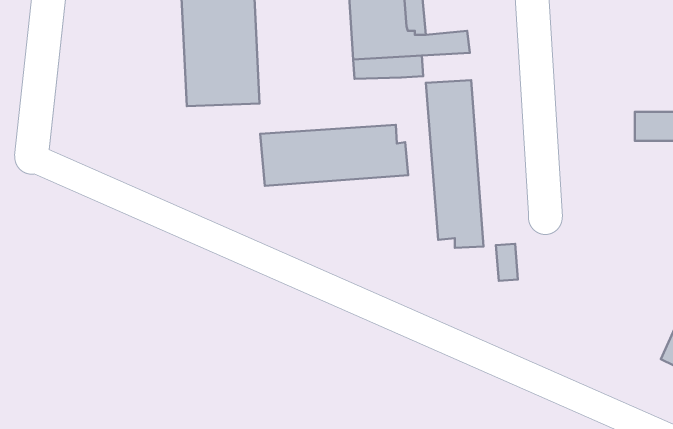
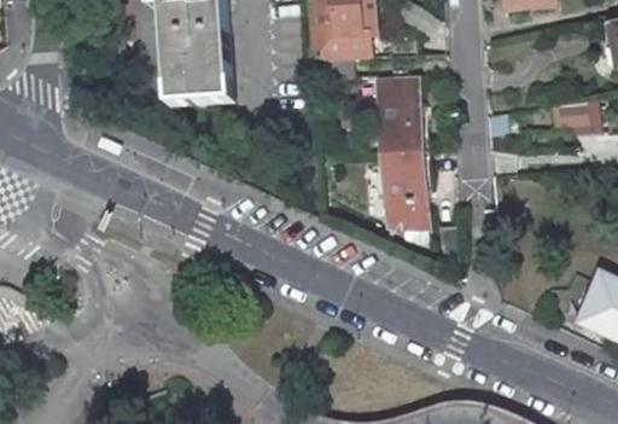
building: [260,125,408,186] -> none

